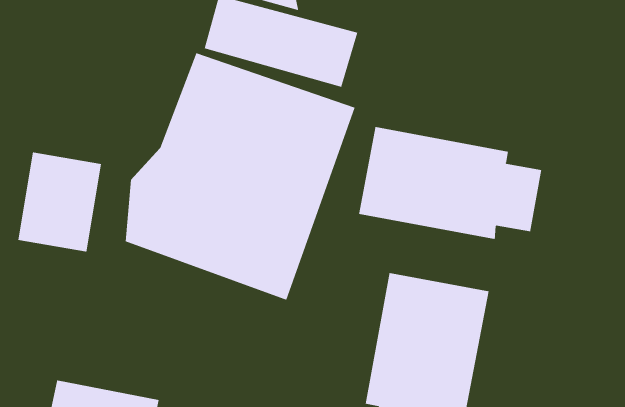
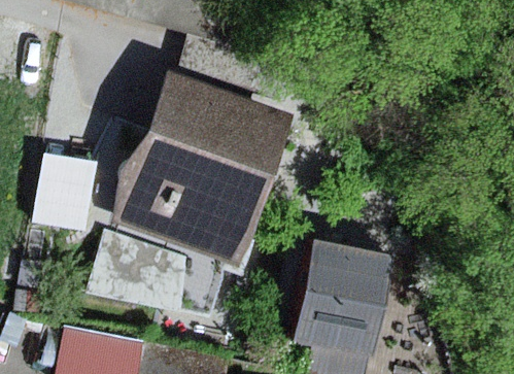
building: [359,126,542,240] -> none
building: none -> [83,228,180,311]

